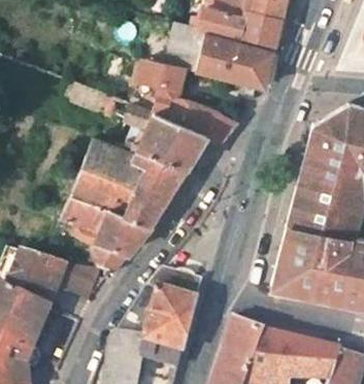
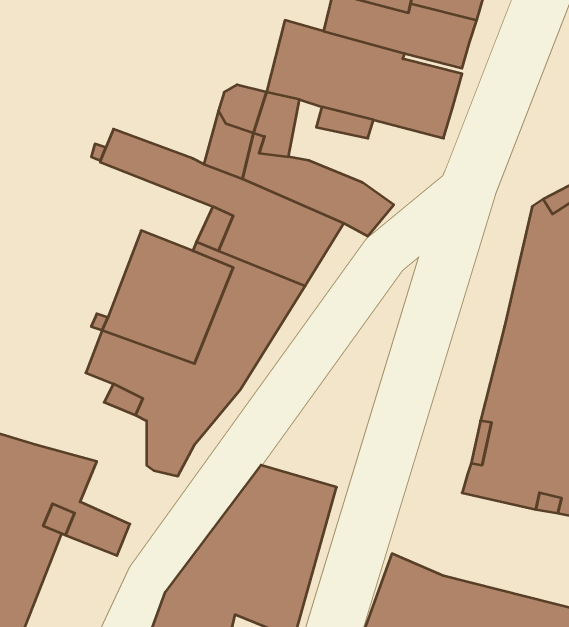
building: [60,265,101,300] -> none

